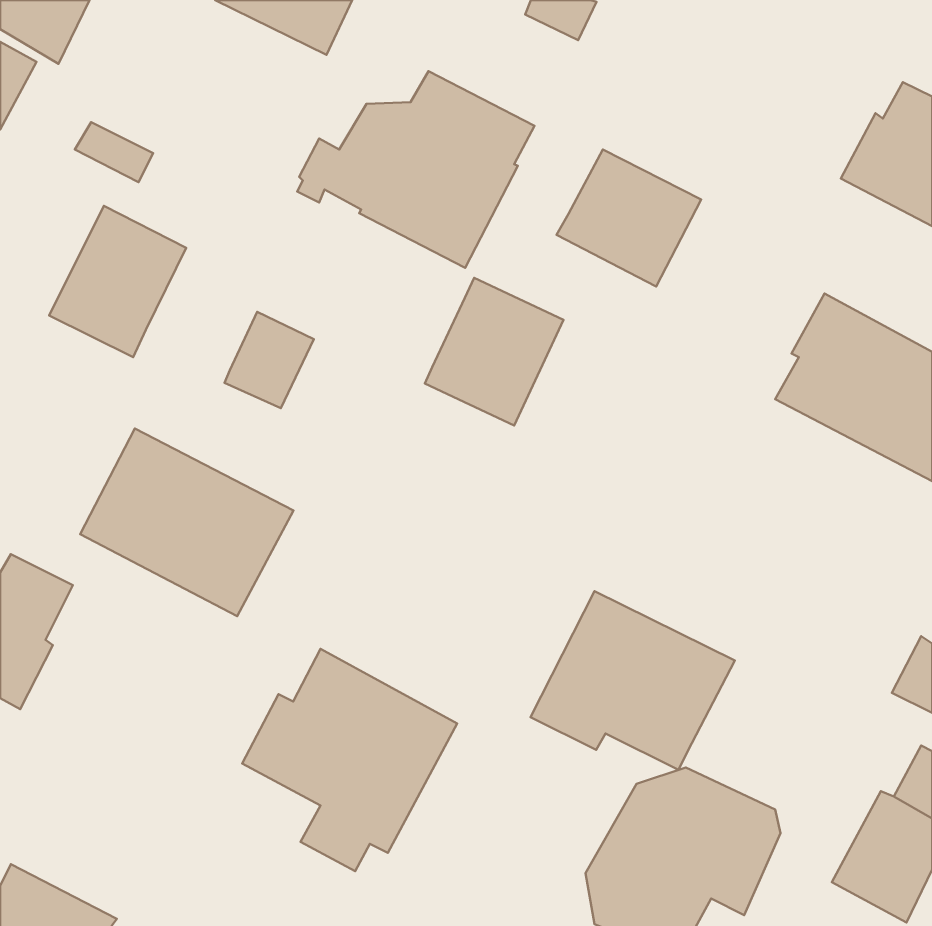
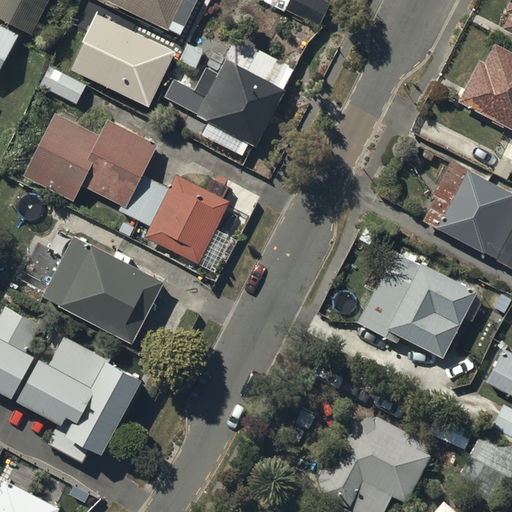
building: none -> [72,16,173,104]
building: [557,150,701,286] -> none
building: none -> [80,124,155,206]
building: [425,278,563,425] -> [150,178,226,259]
building: [531,591,735,770] -> [360,255,472,353]
building: [242,649,457,871] -> [21,337,139,459]

